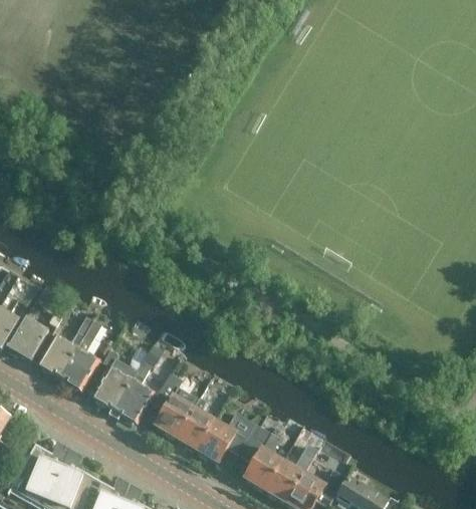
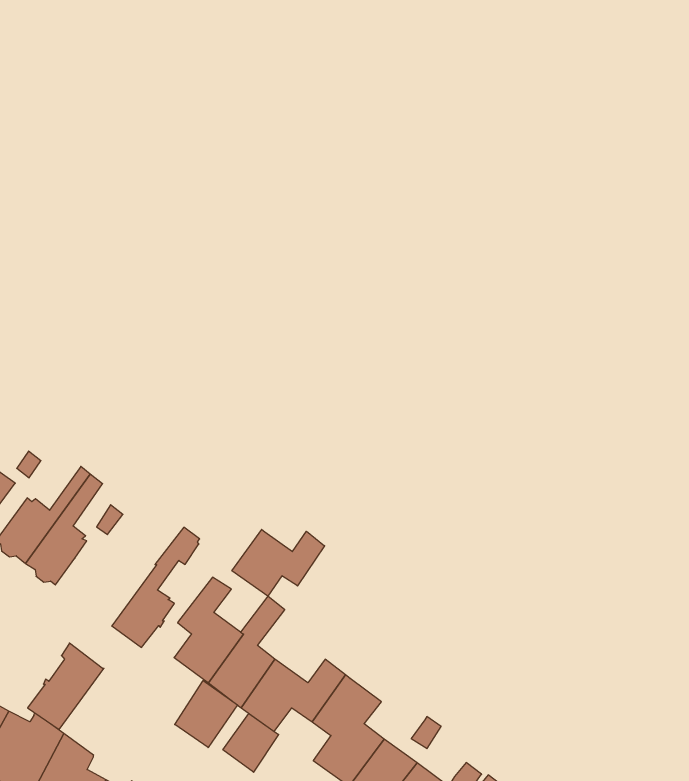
building: none -> [232,529,325,596]
building: [94,356,138,409] -> [28,643,104,729]
building: none -> [175,681,237,748]
building: none -> [223,713,279,772]

